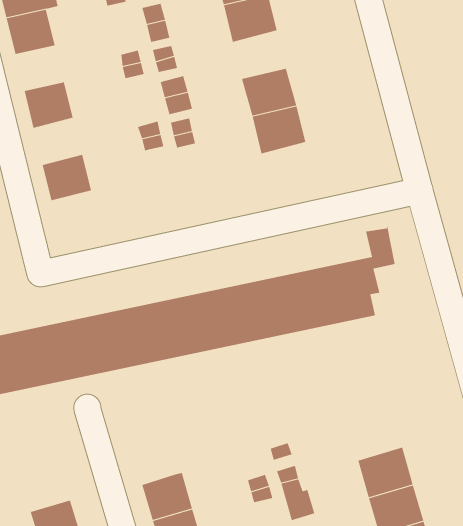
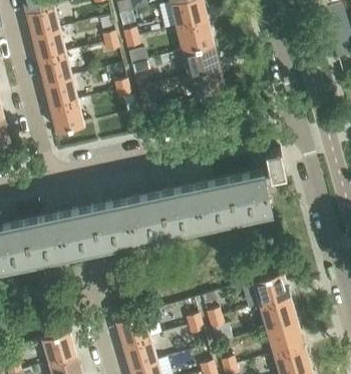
building: none -> [177,21,213,53]
building: none -> [32,31,65,61]
building: none -> [44,79,77,110]
building: none -> [253,274,290,307]

